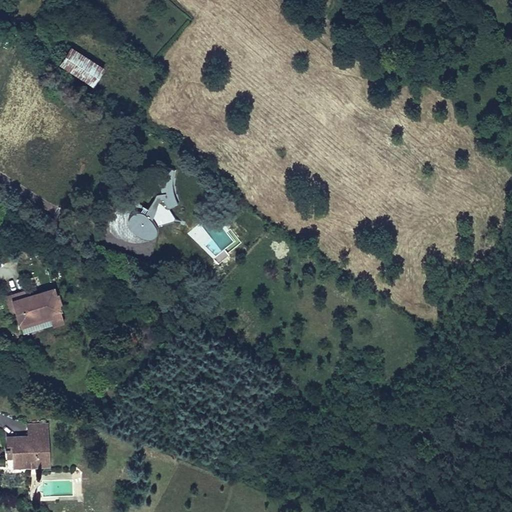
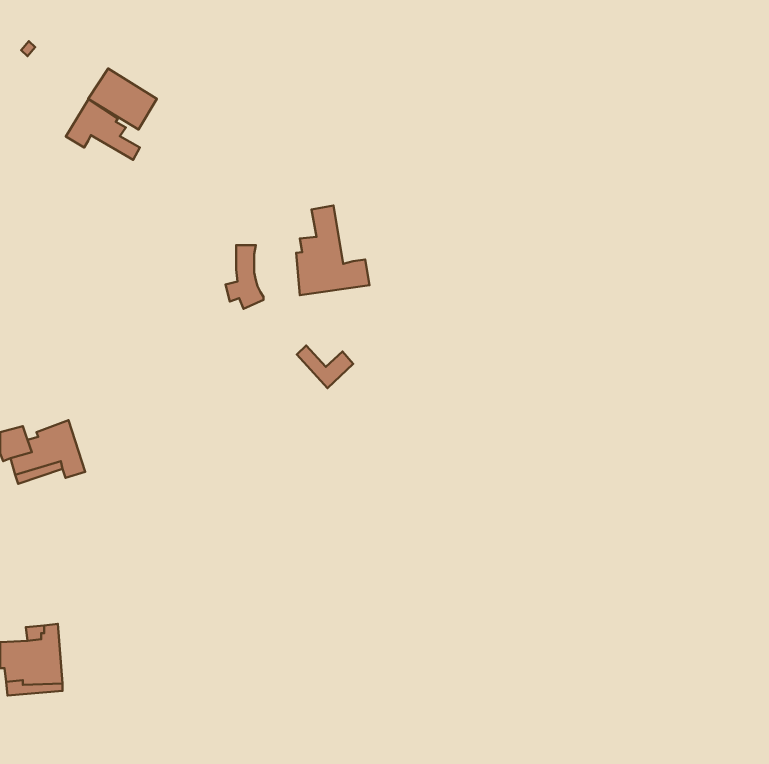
building: none -> [66,99,140,160]
building: none -> [296,205,369,295]
building: [132,212,164,243] -> none

